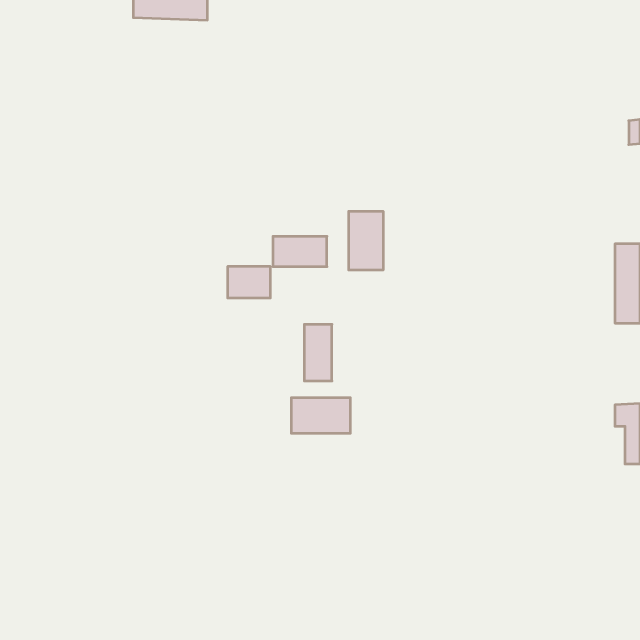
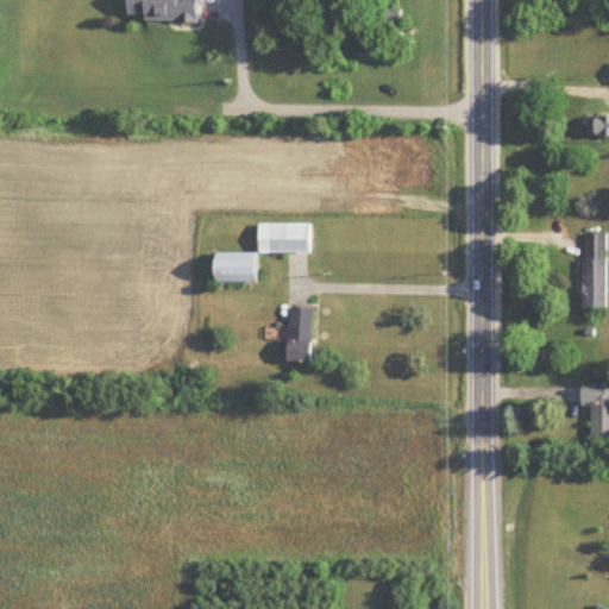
building: [349,211,383,270] -> none
building: [291,398,350,433] -> none

